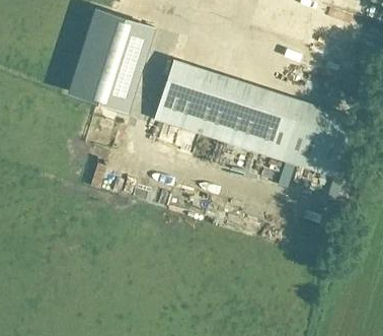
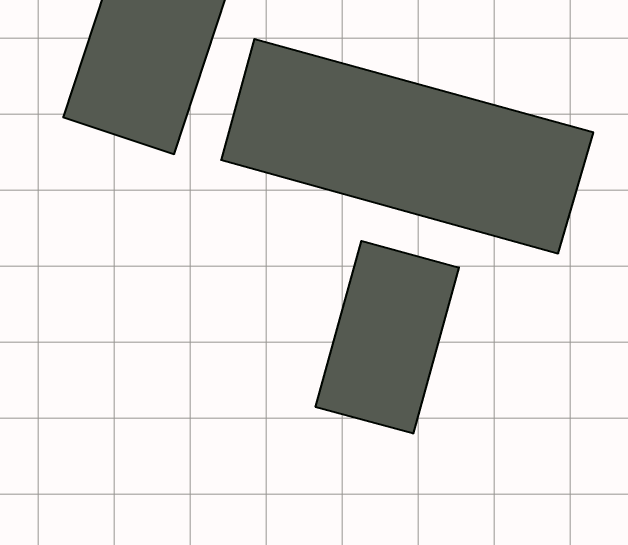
building: none -> [316,241,459,434]

